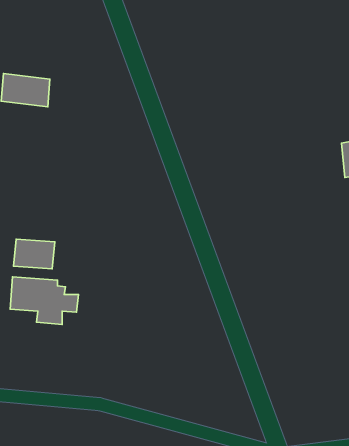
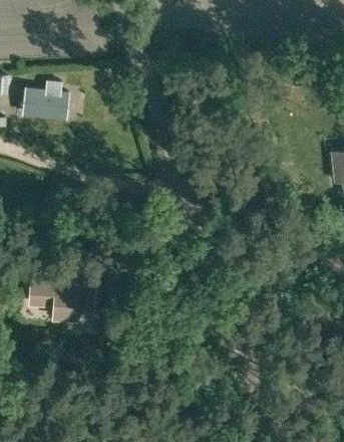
building: [13,239,55,269] -> none

